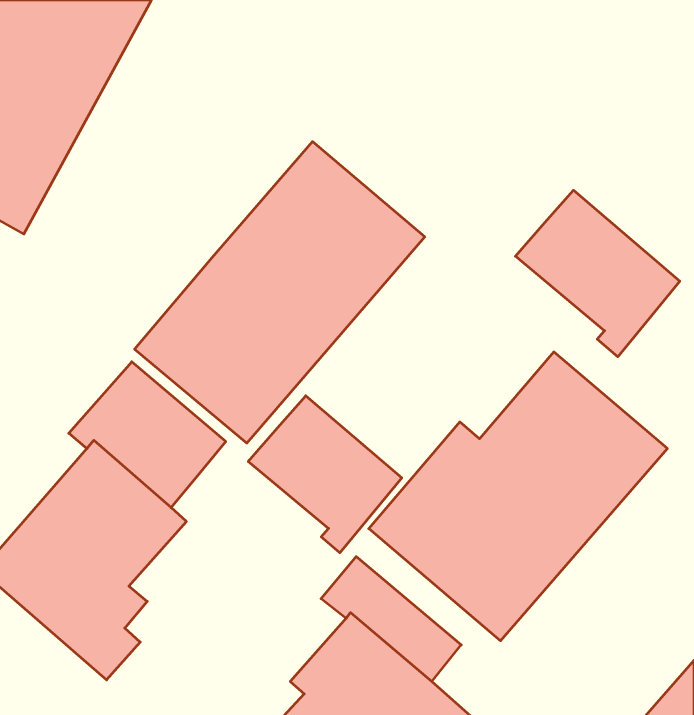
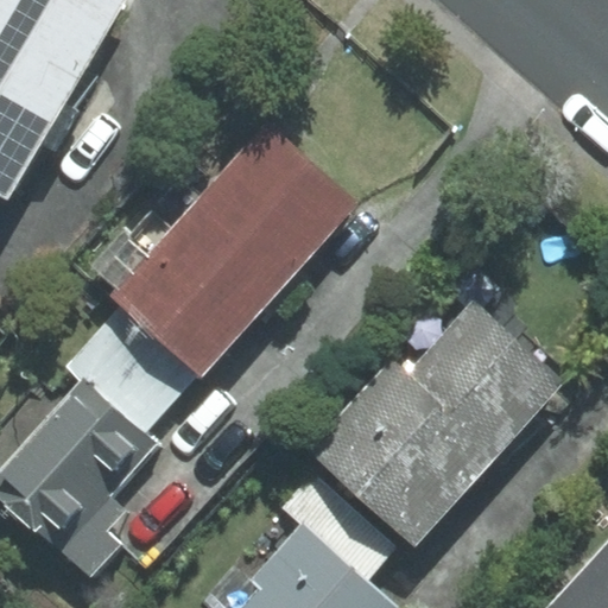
building: [515,190,680,357] -> none
building: [248,396,402,553] -> none

